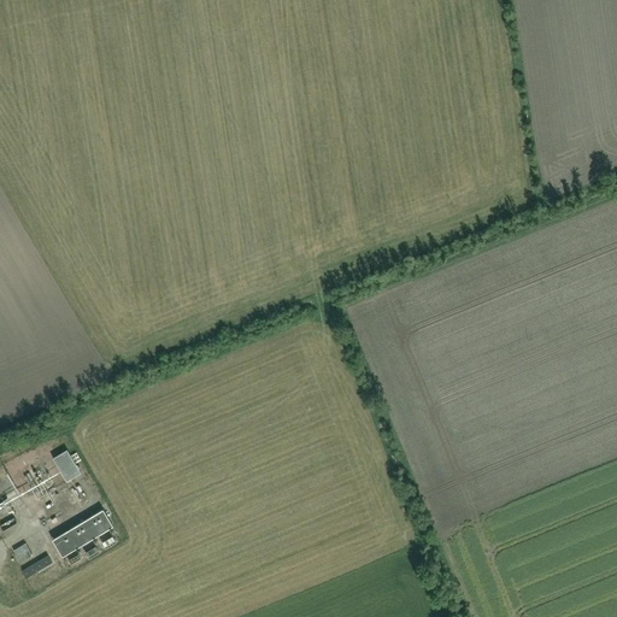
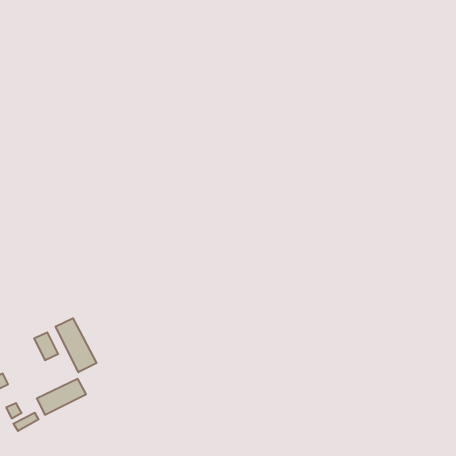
building: none -> [56,318,96,372]

